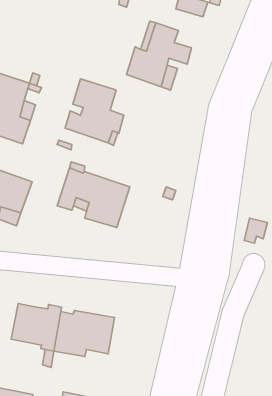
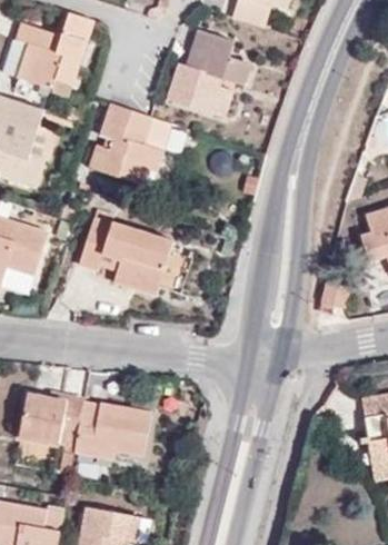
building: none -> [16,11,94,87]

